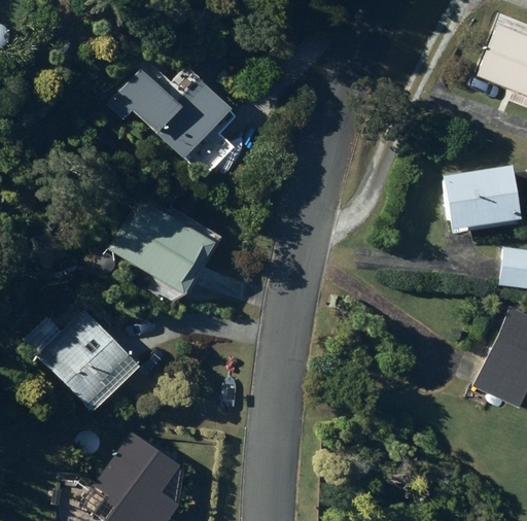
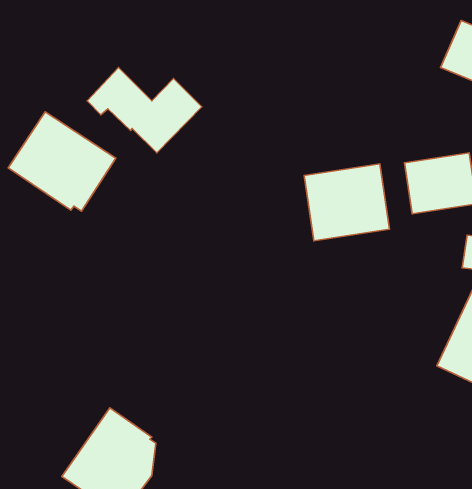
building: none -> [304,164,390,241]
building: [112,194,225,298] -> [8,112,116,211]
building: [33,311,135,404] -> none

